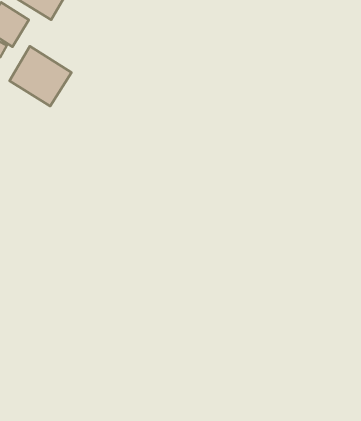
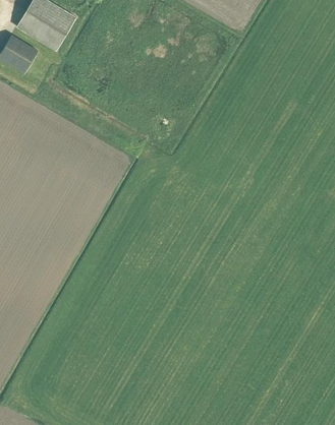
building: [10,46,71,106] -> none

